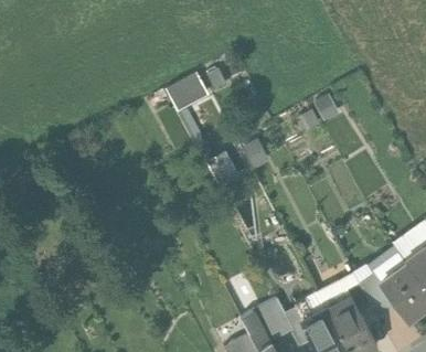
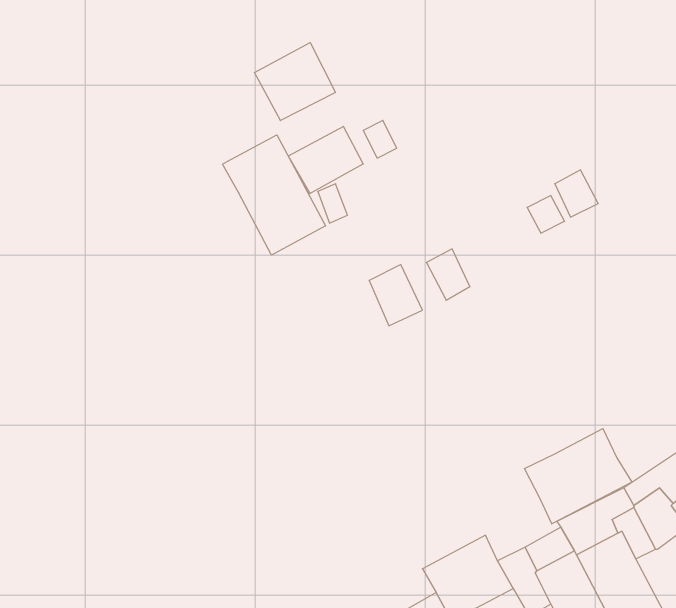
building: none -> [254,43,335,121]
building: none -> [223,135,326,255]
building: none -> [524,429,632,524]

